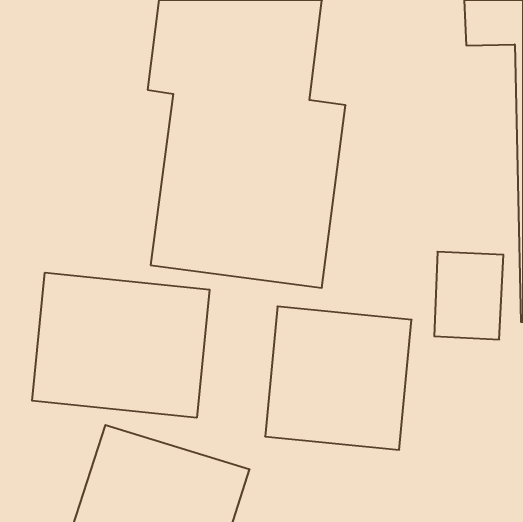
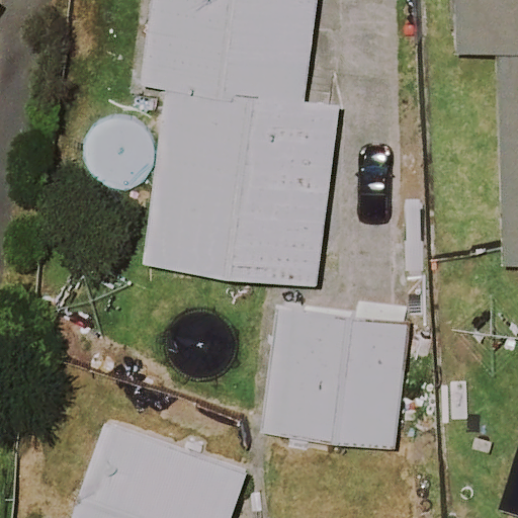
building: [32,273,210,418] -> none

